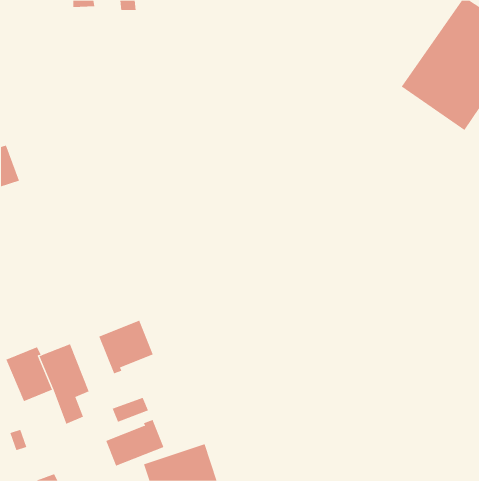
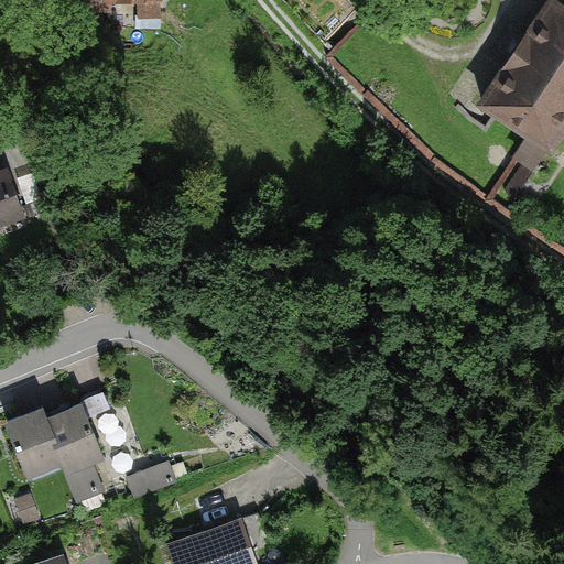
building: [99,320,153,374] -> none
building: [106,419,164,466] -> none

